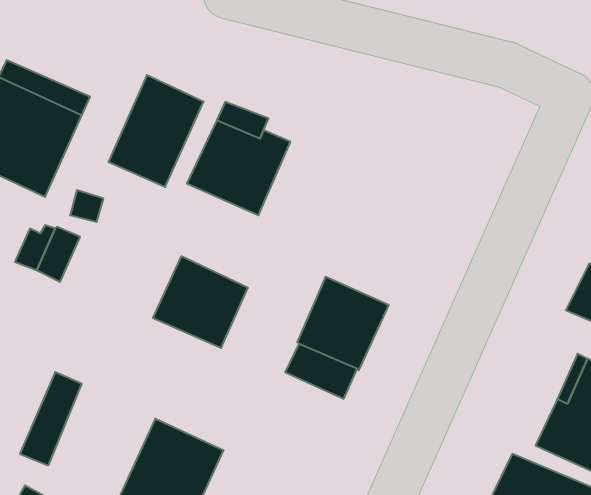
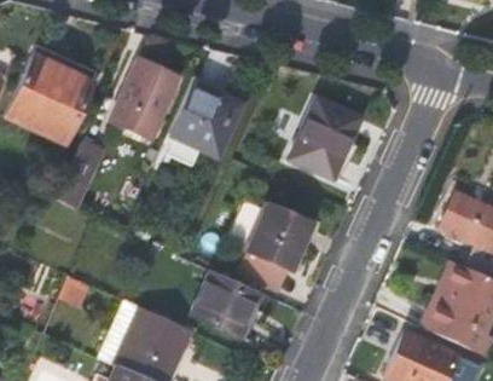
building: none -> [289,99,360,180]
building: [153,256,248,348] -> [192,269,261,335]

